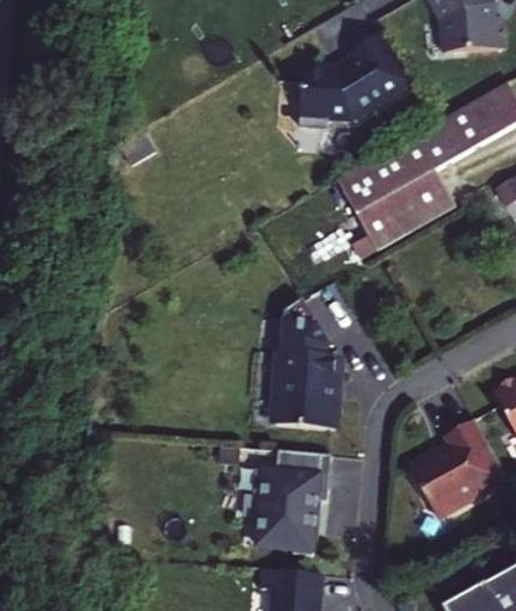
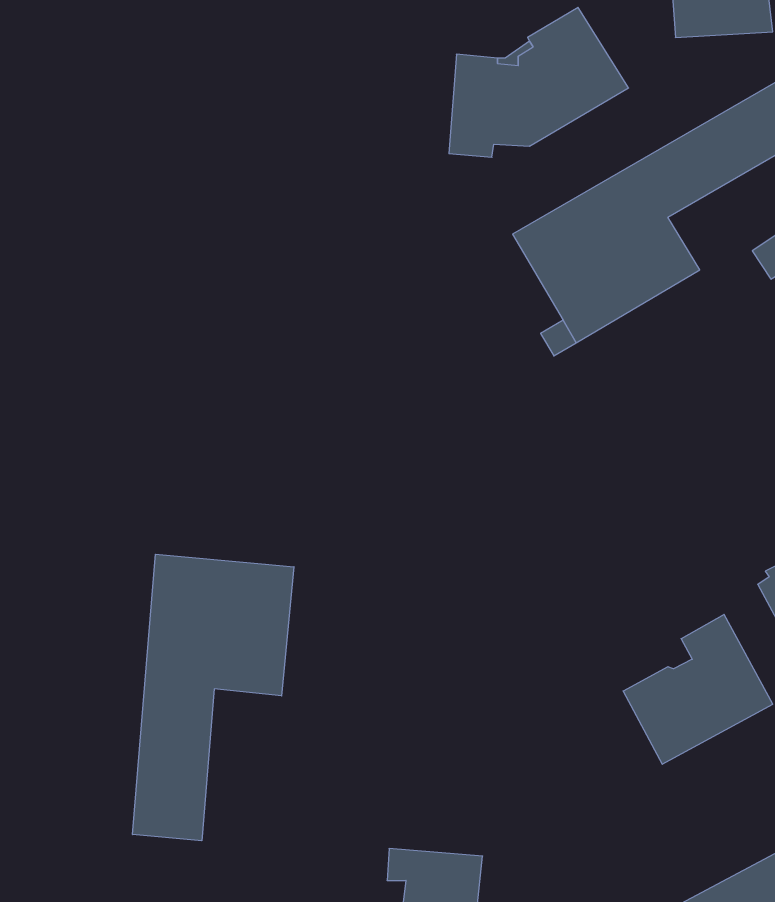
building: [274,302,334,430] -> none
building: none -> [133,554,294,841]
building: [253,451,330,556] -> none

